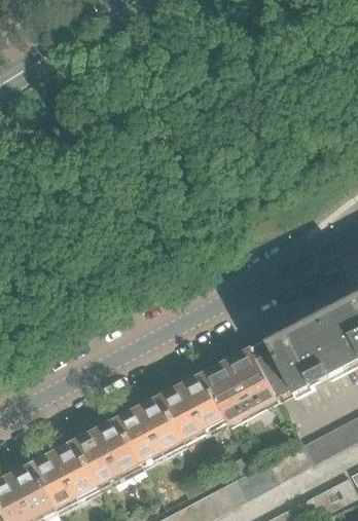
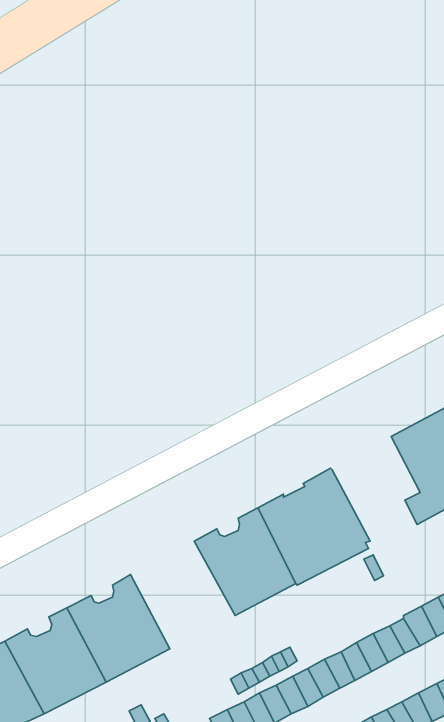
building: [251,325,312,396] -> none
building: [115,396,186,469] -> none

